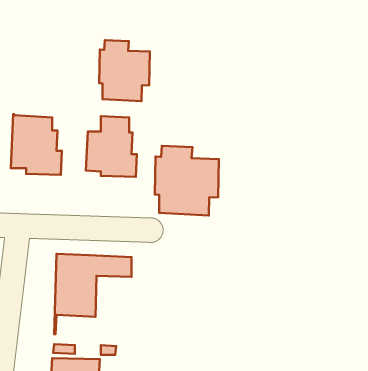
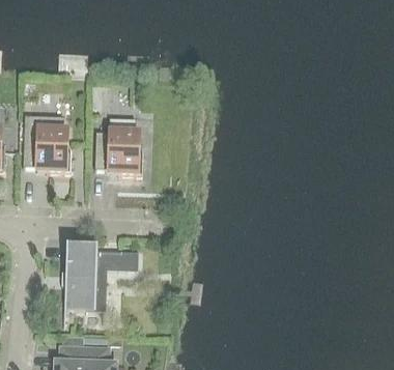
building: [99,40,150,101] -> none
building: [155,146,219,215] -> none

